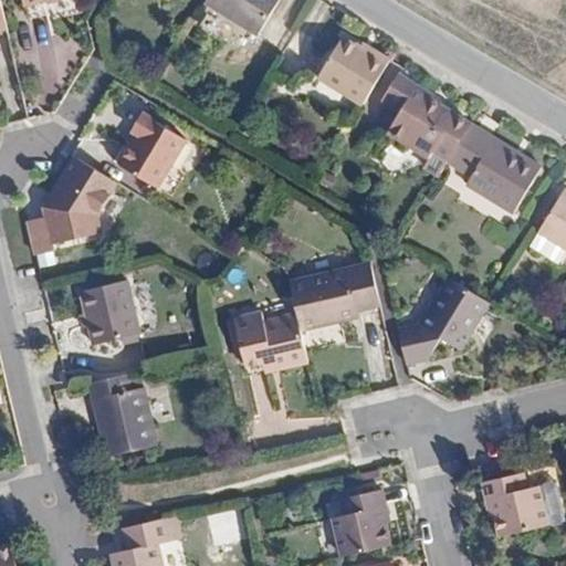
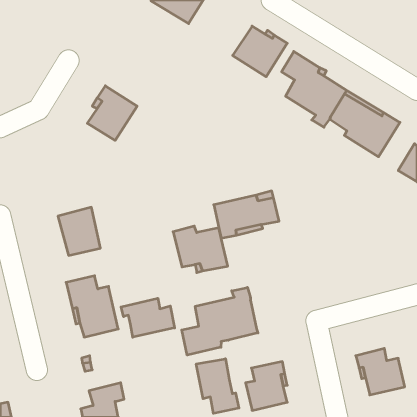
building: [27,159,119,259] -> none
building: [395,273,481,355] -> none
building: none -> [182,287,258,355]
building: none -> [121,298,175,337]
building: none -> [196,359,239,413]

